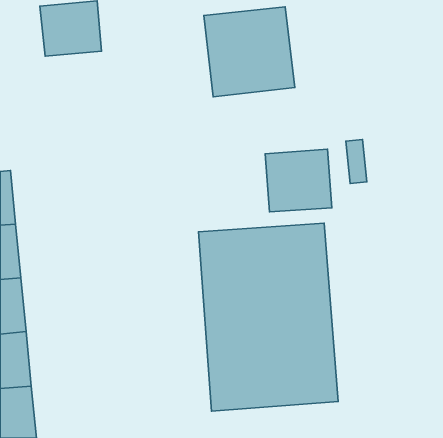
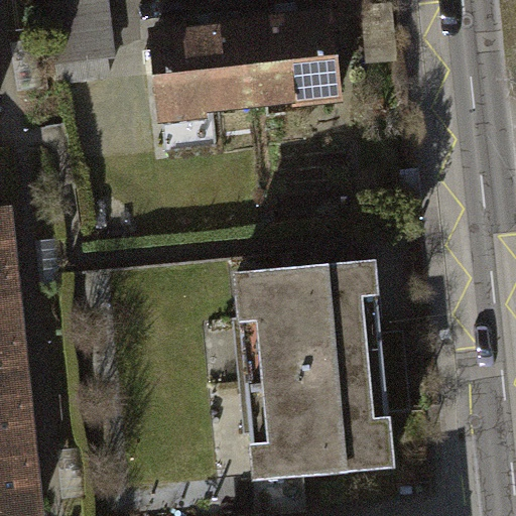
building: none -> [141,18,248,123]
building: [265,149,332,212] -> none

